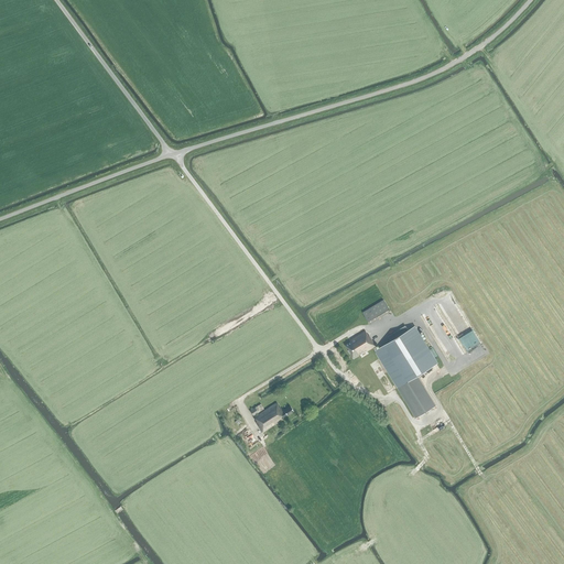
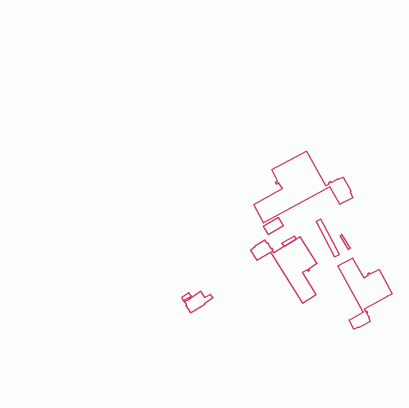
building: none -> [254,151,353,223]
building: none -> [338,258,392,329]

